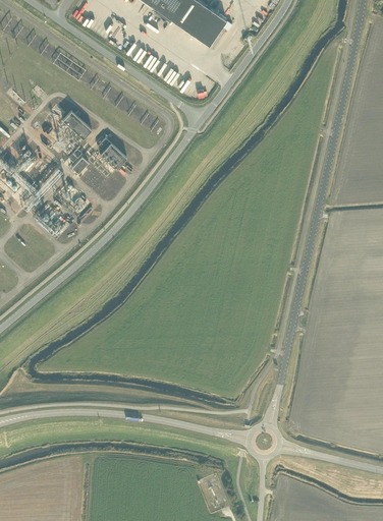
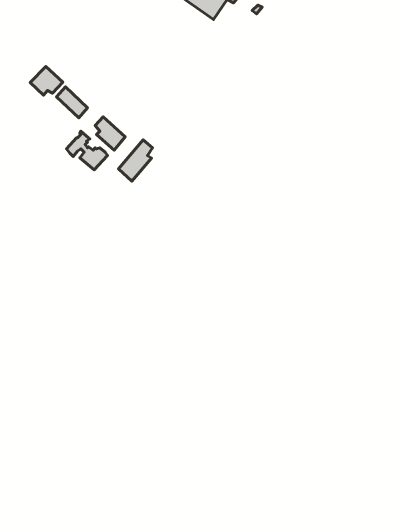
building: none -> [30,67,63,95]
building: none -> [119,140,153,181]

